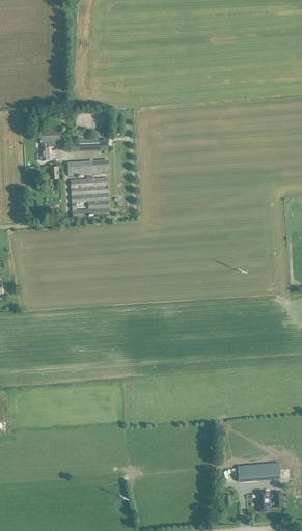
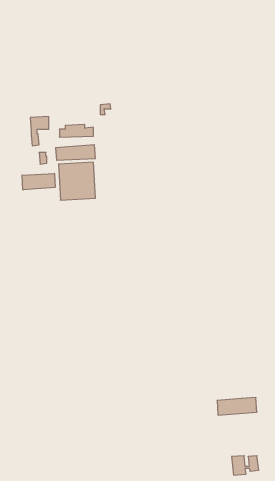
building: none -> [22,173,55,190]
building: [237,462,279,480] -> [217,398,257,415]

